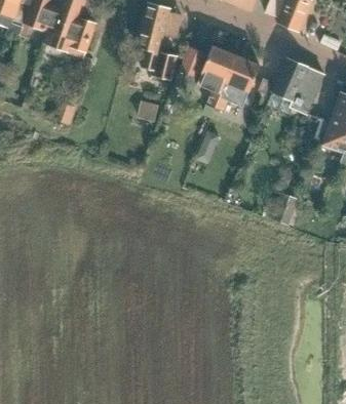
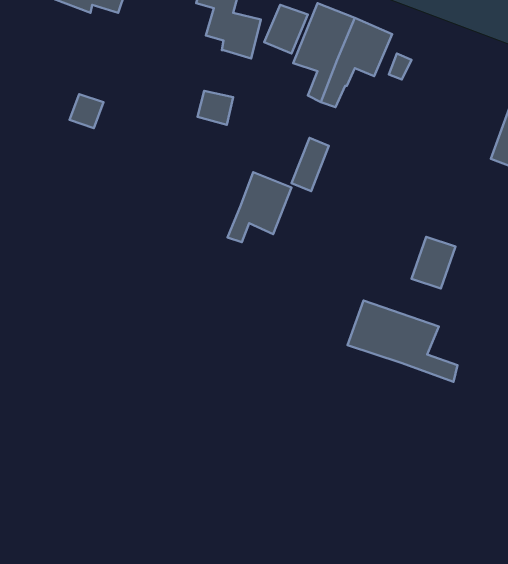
building: [267,57,325,115] -> none
building: none -> [227,172,291,242]
building: none -> [347,301,458,382]

